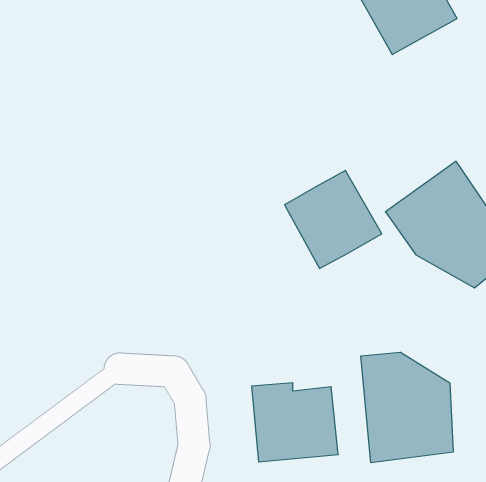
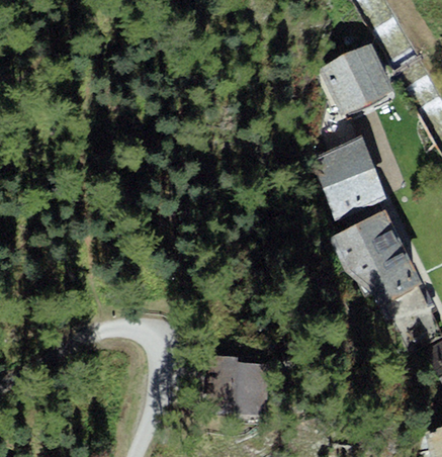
building: [285,170,382,268] -> [322,145,391,215]
building: [361,352,453,463] -> none

